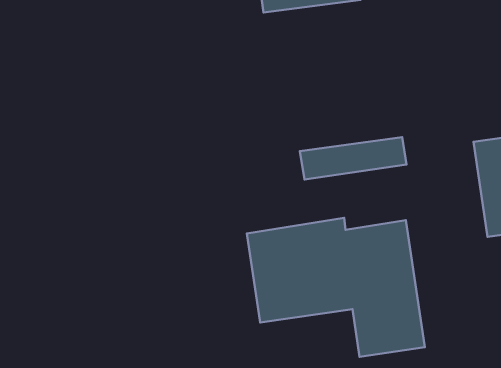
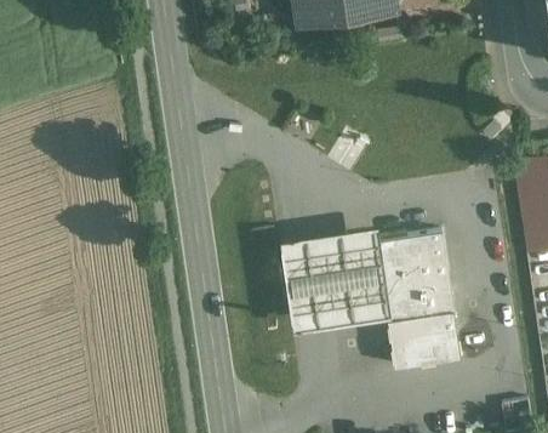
building: [300,137,407,180] -> none

